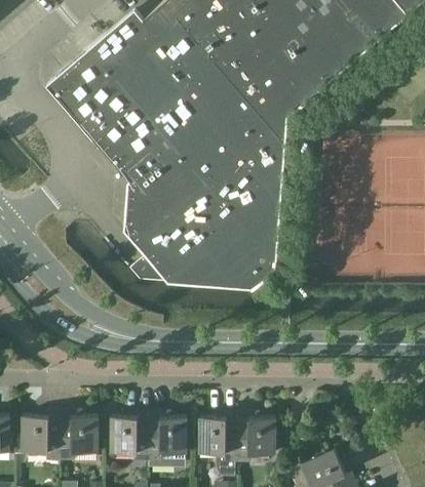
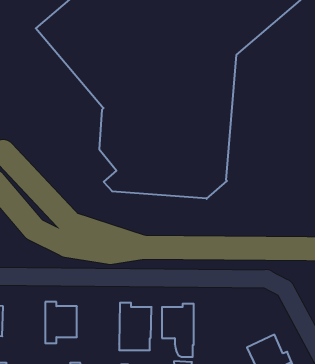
building: [21,410,59,459] -> none
building: [109,411,148,460] -> none
building: [236,412,274,461] -> none

